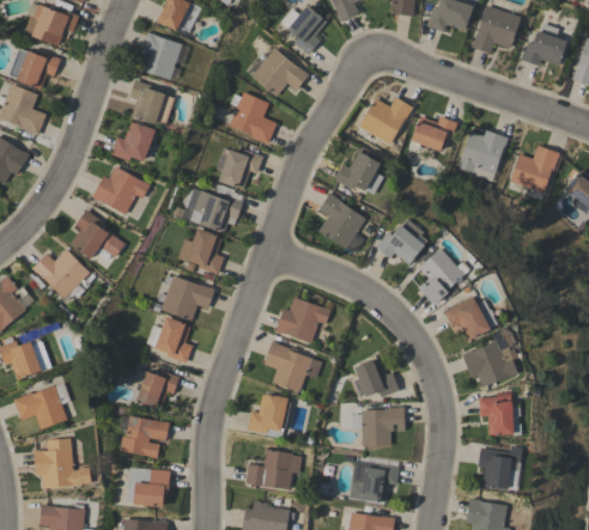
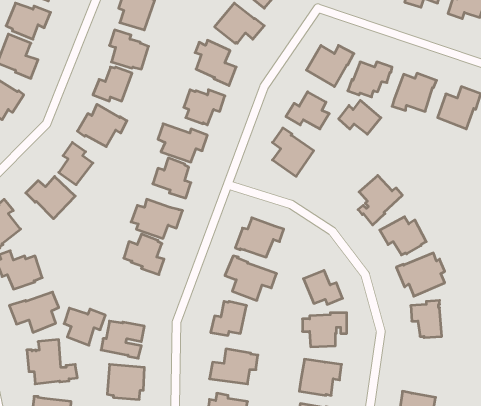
building: [376,225,425,264] -> [339,100,381,134]
building: [132,368,180,412] -> [64,308,105,345]
building: [478,445,523,489] -> none

